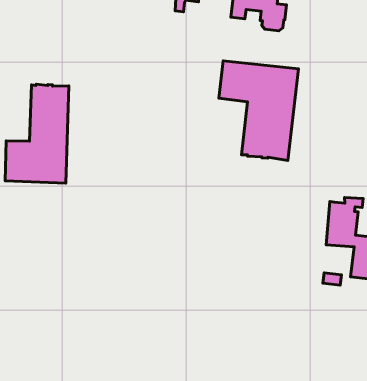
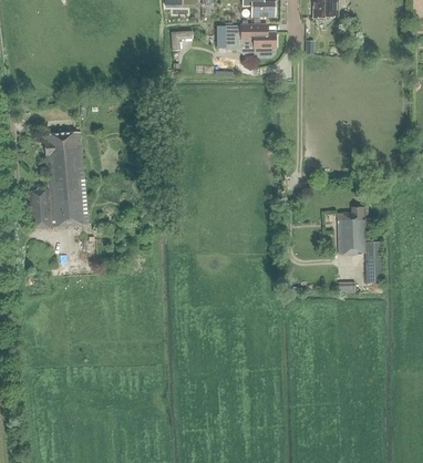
building: [219,61,298,160] -> none

